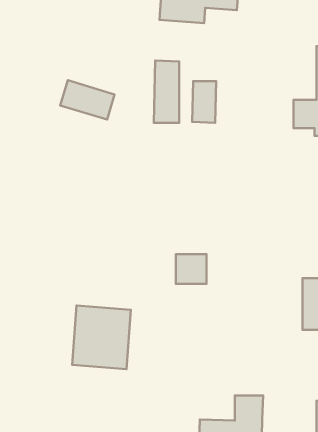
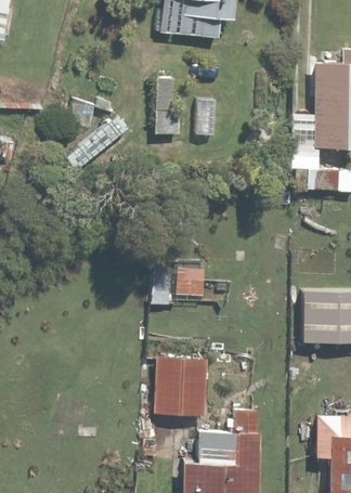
building: [72,306,131,369] -> [152,353,210,416]

